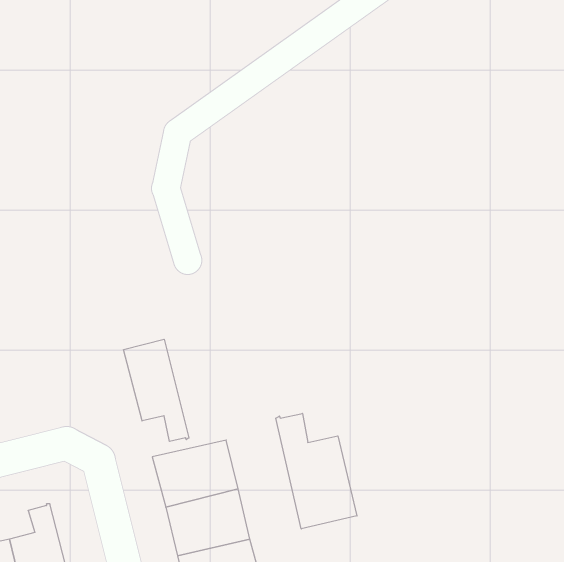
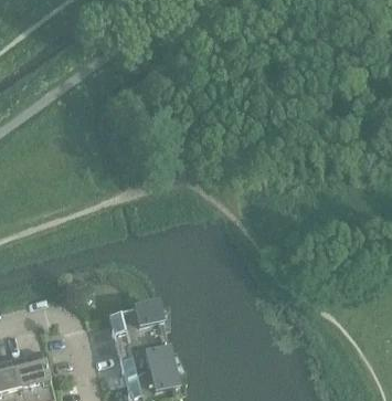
building: [124,339,189,441] -> none
building: [276,413,357,529] -> none

